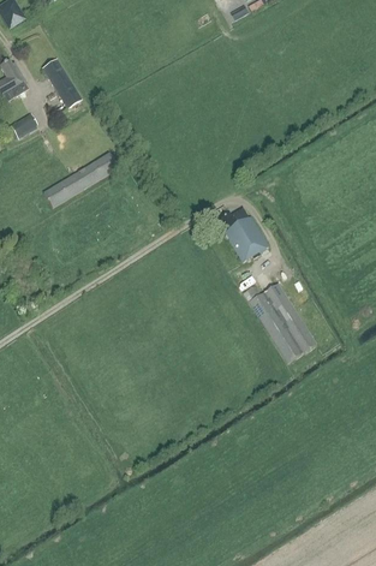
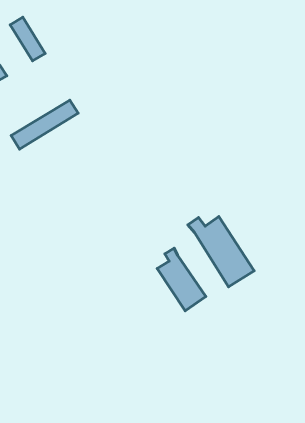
building: [221,208,269,261] -> none
building: none -> [157,248,206,311]

